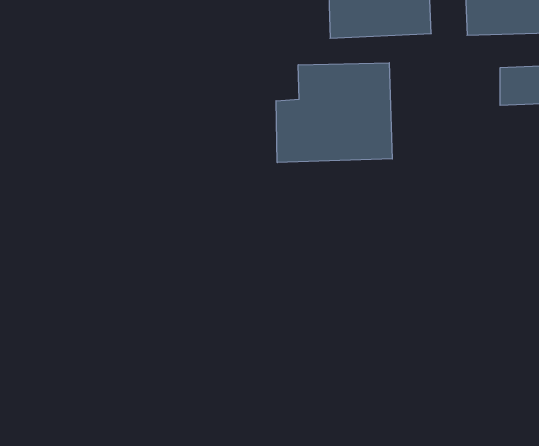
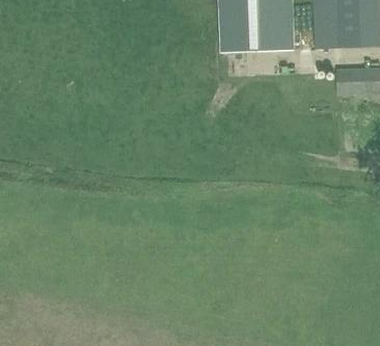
building: [276,63,392,163] -> none

